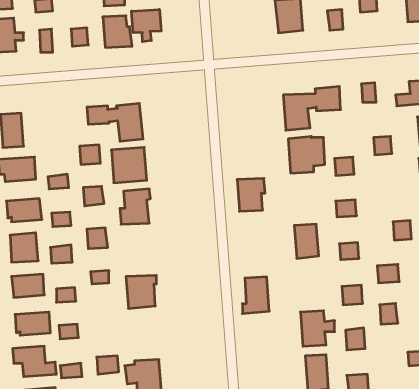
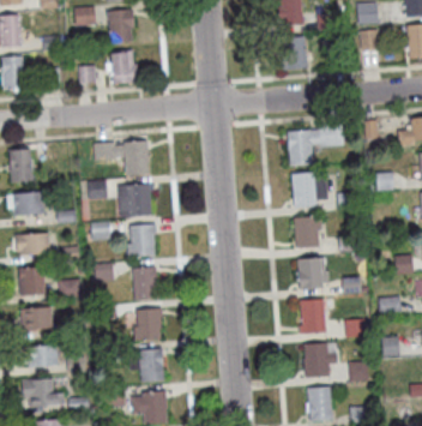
building: [132,9,161,42] -> none
building: [237,178,265,211] -> [294,216,321,248]
building: none -> [132,266,157,300]
building: [242,277,269,314] -> [299,299,325,335]
building: none -> [138,349,163,382]

